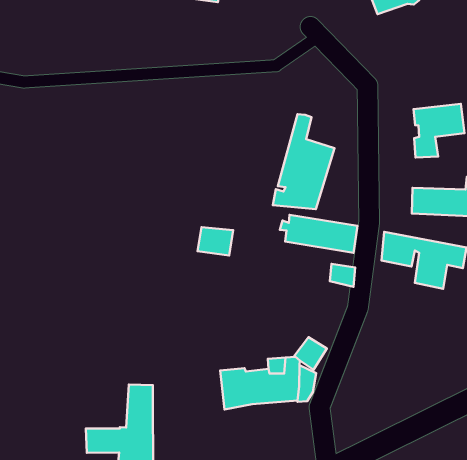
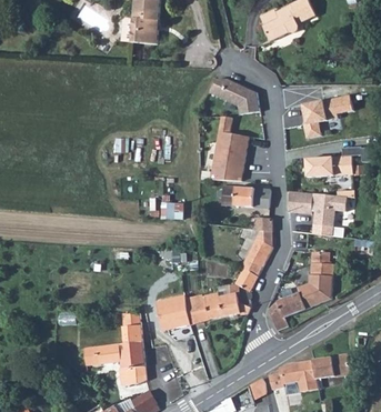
building: none -> [209,79,259,114]
building: none -> [240,238,272,275]
building: none -> [268,251,333,330]
building: none -> [156,295,190,331]

